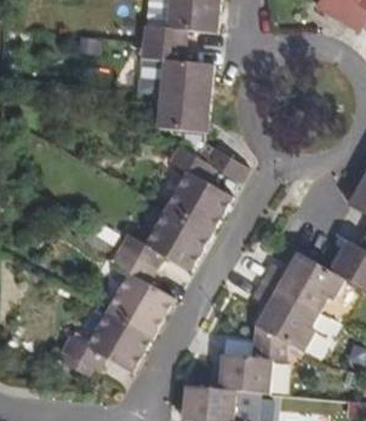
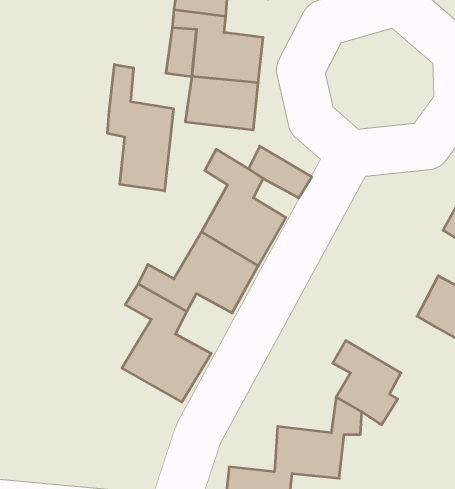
building: none -> [108,64,173,191]
building: [274,261,342,315] -> none
building: [59,311,151,371] -> none

